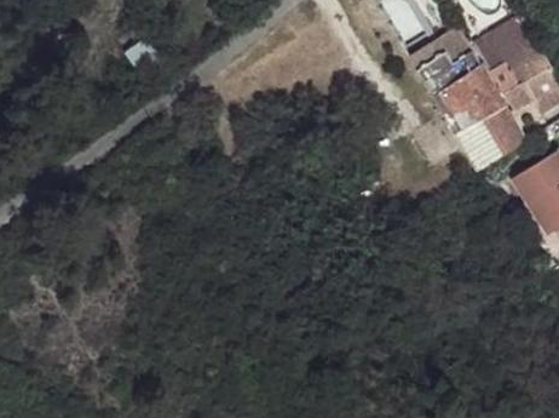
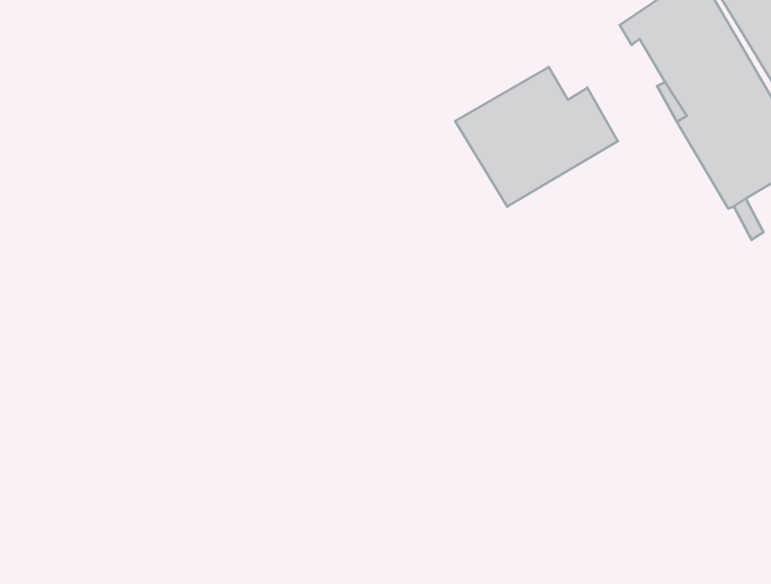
building: none -> [455,67,618,207]

